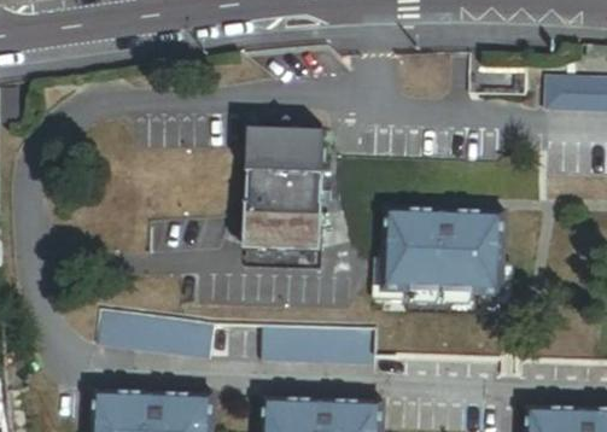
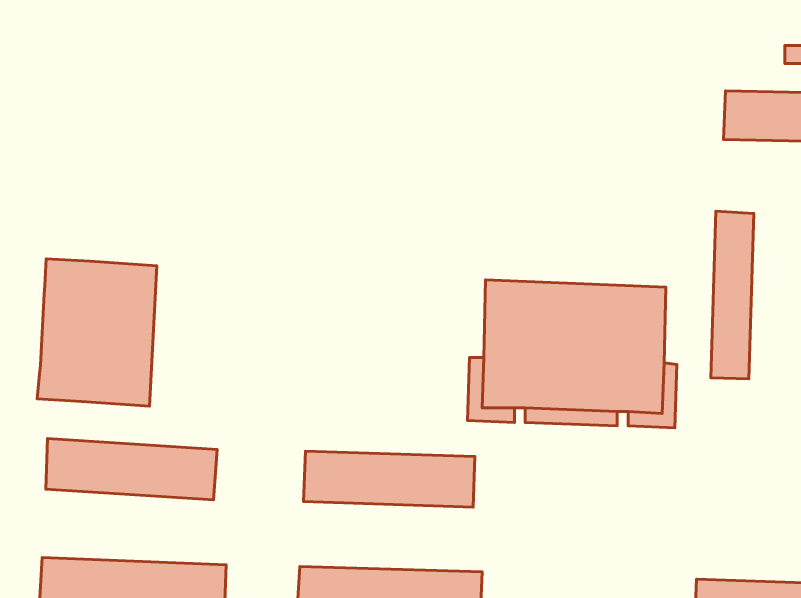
building: [247,117,328,247] -> none
building: none -> [711,211,754,379]
building: none -> [37,259,157,406]

